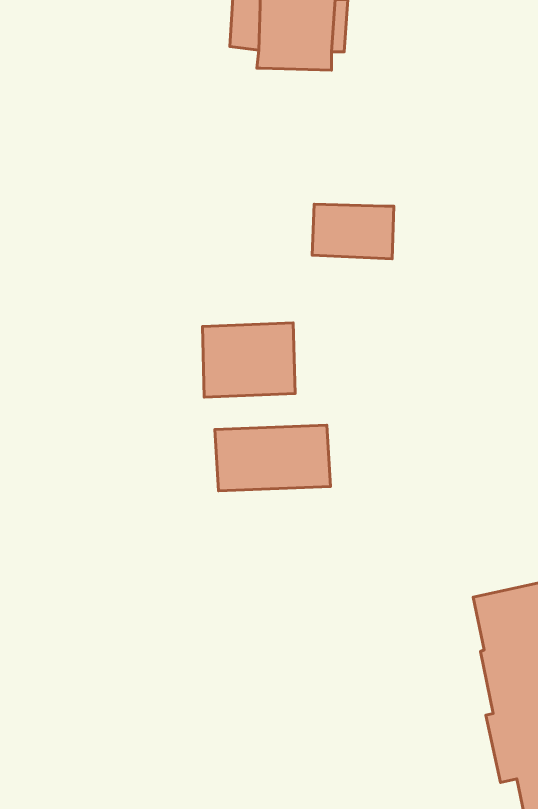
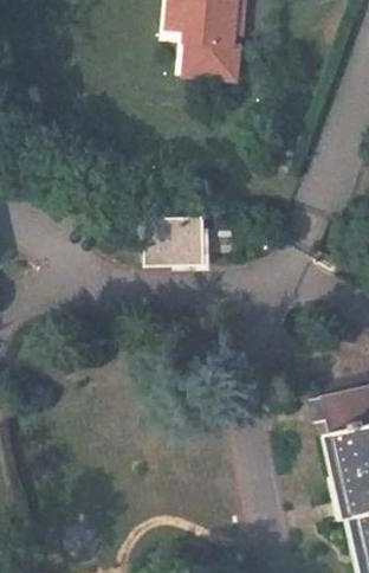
building: [312,204,394,259] -> [183,50,237,85]
building: [215,425,331,491] -> none

